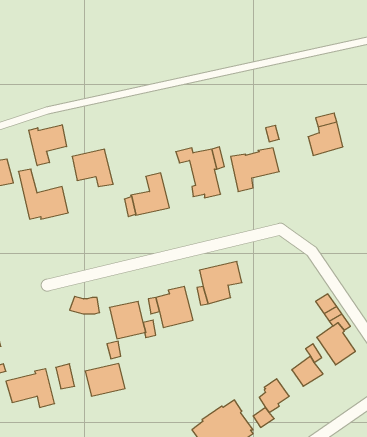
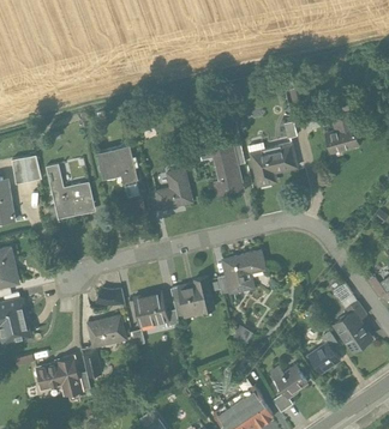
building: [29,125,67,166] -> none
building: [85,364,125,396] -> [86,316,125,348]

